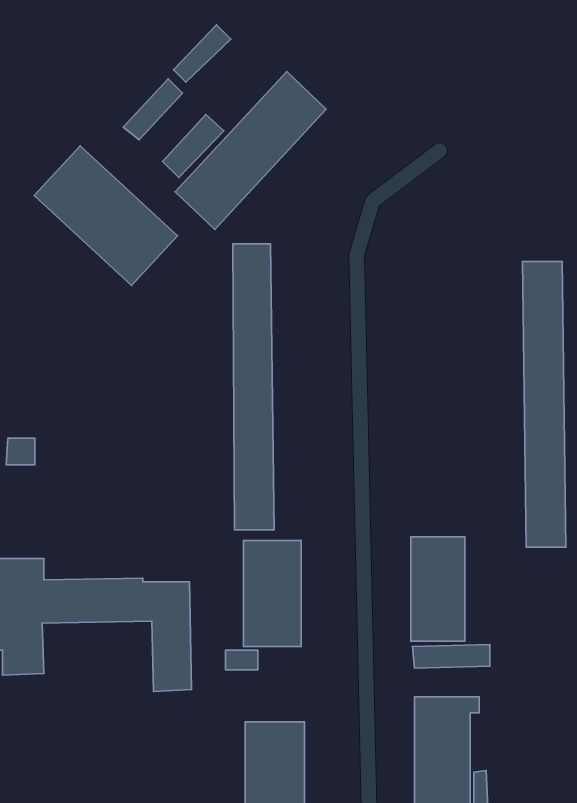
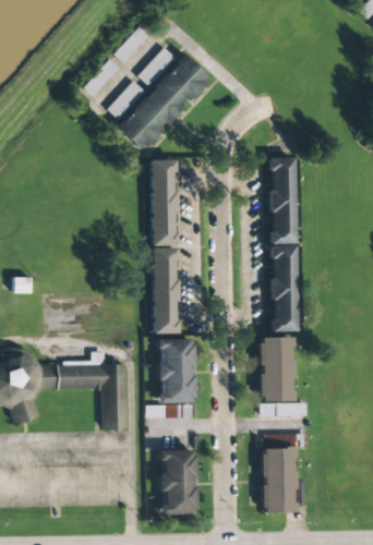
building: none -> [140,47,179,86]
building: [34,146,178,285] -> none
building: [523,262,566,547] -> [272,157,298,330]

